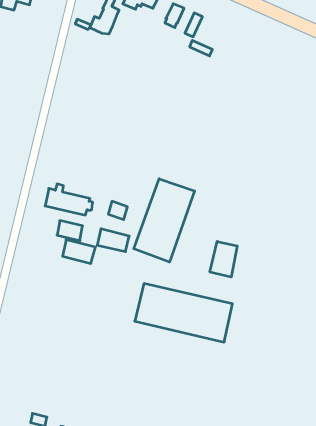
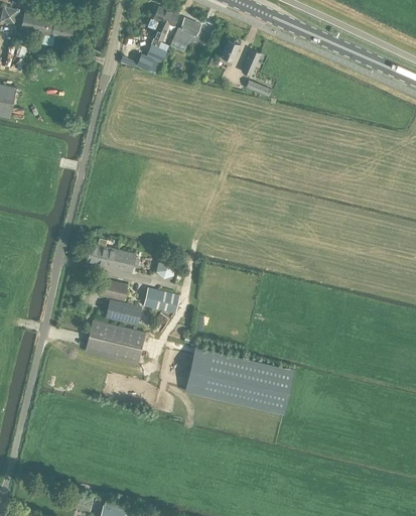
building: [134,179,195,262] -> none
building: [210,241,237,277] -> none
building: none -> [85,320,143,364]

